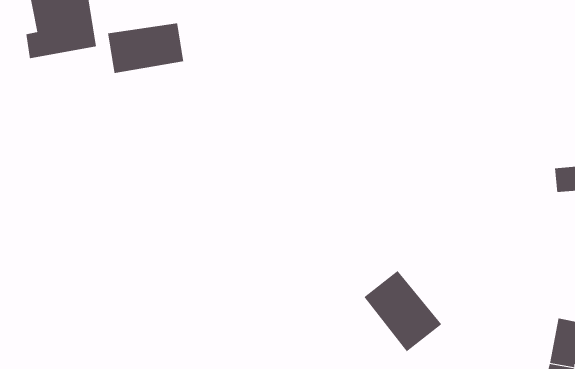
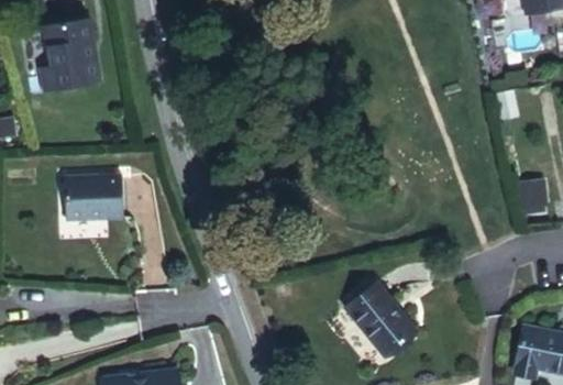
building: [107,22,184,74] -> none
building: none -> [56,184,121,229]

